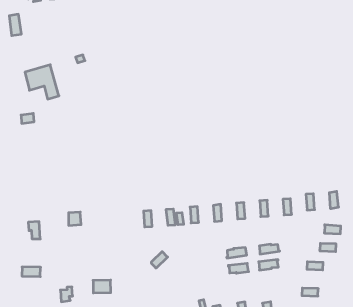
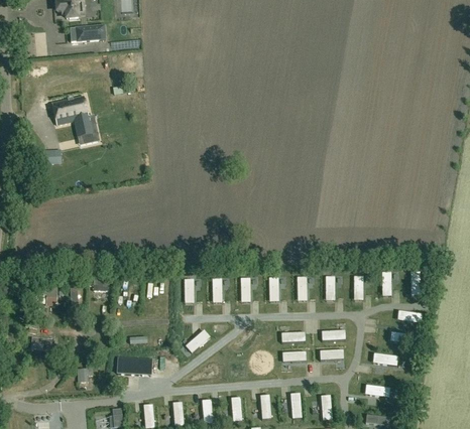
building: none -> [70,25,106,42]

